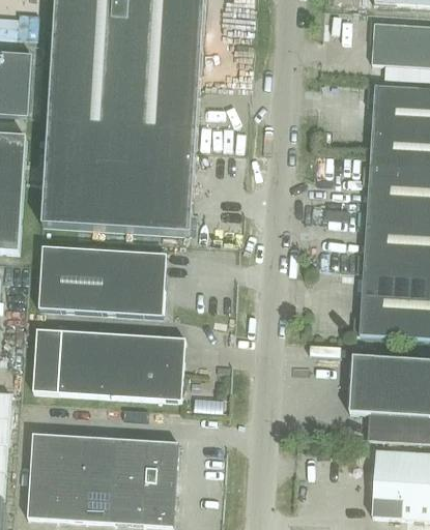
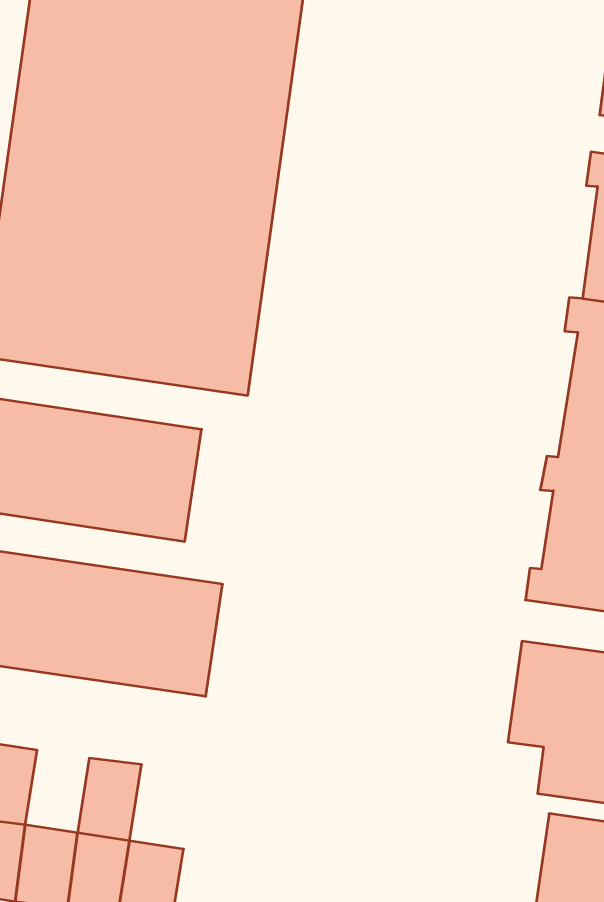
building: [88,437,120,480] -> none
building: [146,440,178,484] -> none

